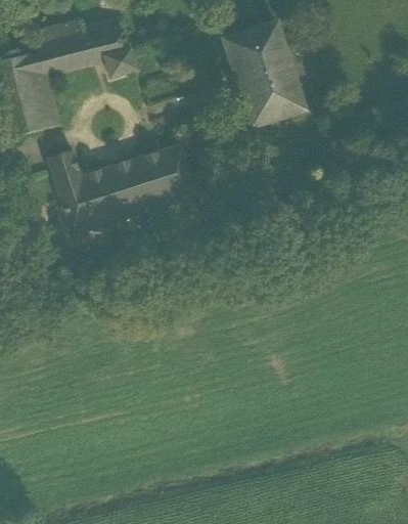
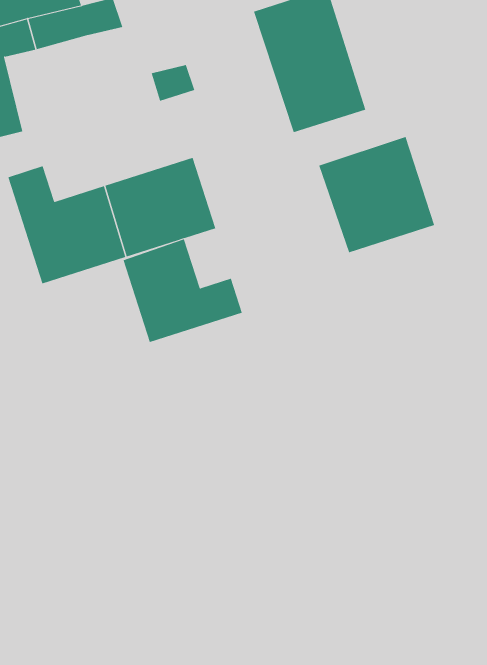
building: [103,50,135,77] -> [151,64,195,102]
building: none -> [318,136,435,253]
building: none -> [123,239,242,343]

